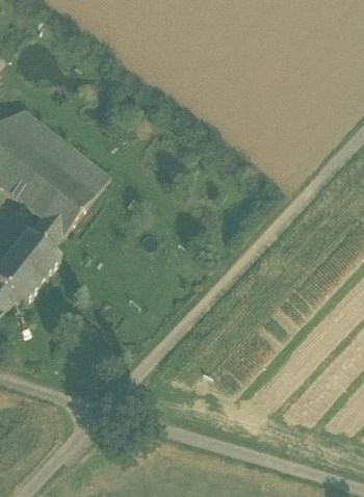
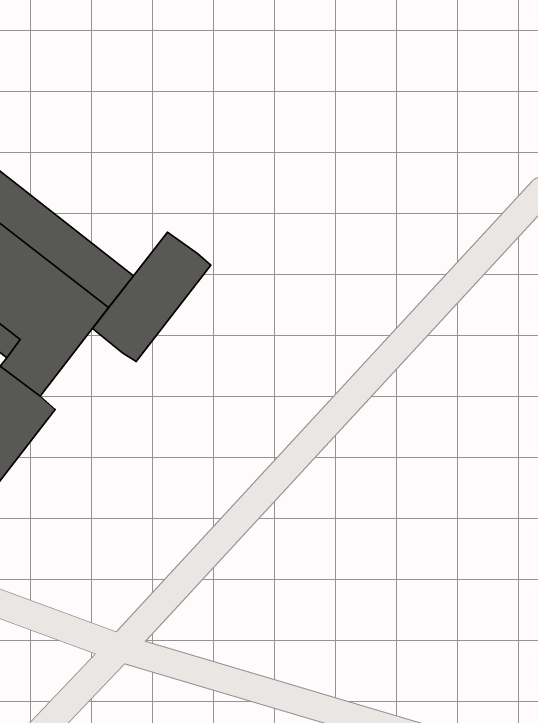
building: none -> [93,232,211,362]

